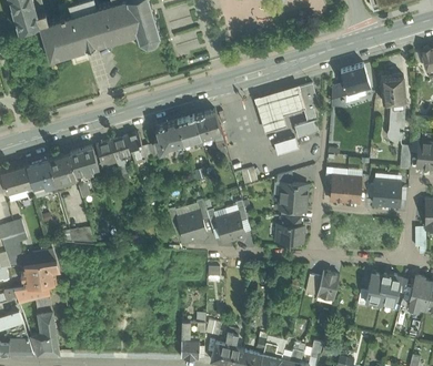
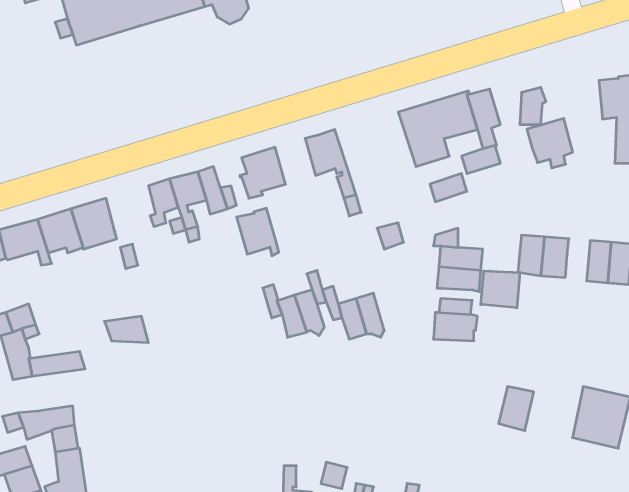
building: [341,65,370,96] -> [527,119,573,168]
building: [177,116,203,146] -> [237,208,279,256]
building: [70,148,99,177] -> none
building: none -> [481,271,520,308]
building: [23,262,60,288] -> none

